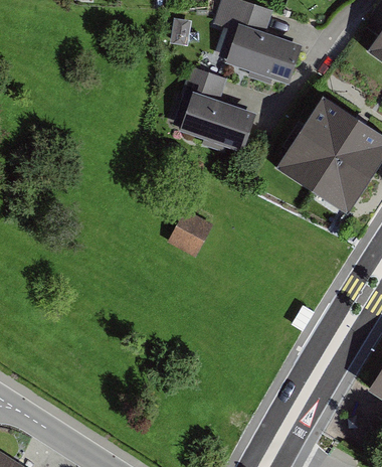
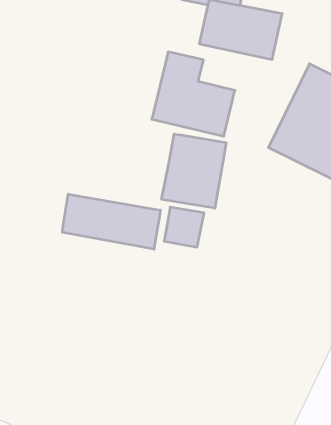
building: none -> [162,134,226,208]
building: none -> [62,194,160,249]

